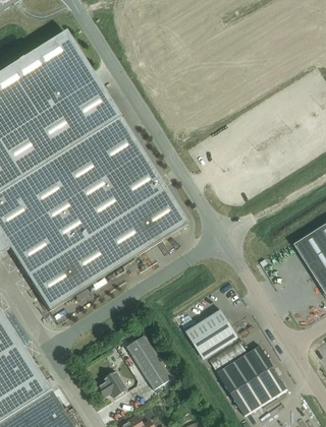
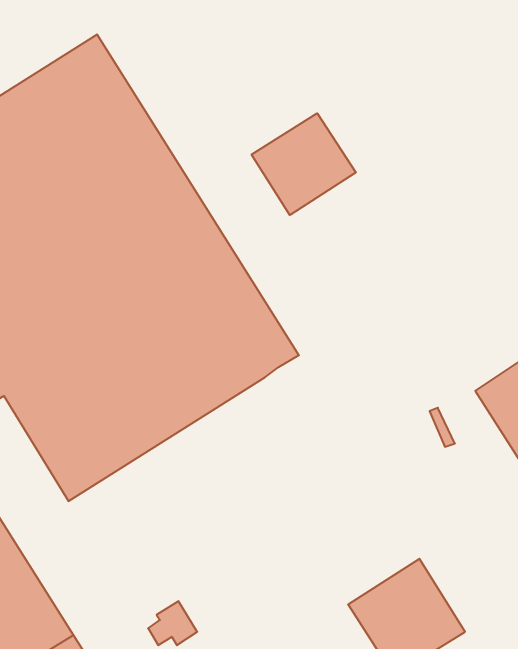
building: none -> [252,113,356,215]
building: [186,309,237,358] -> none
building: [126,334,171,388] -> none

